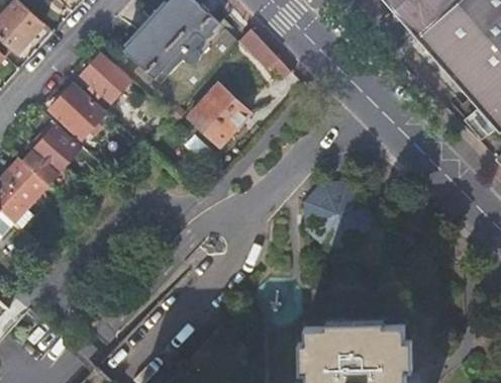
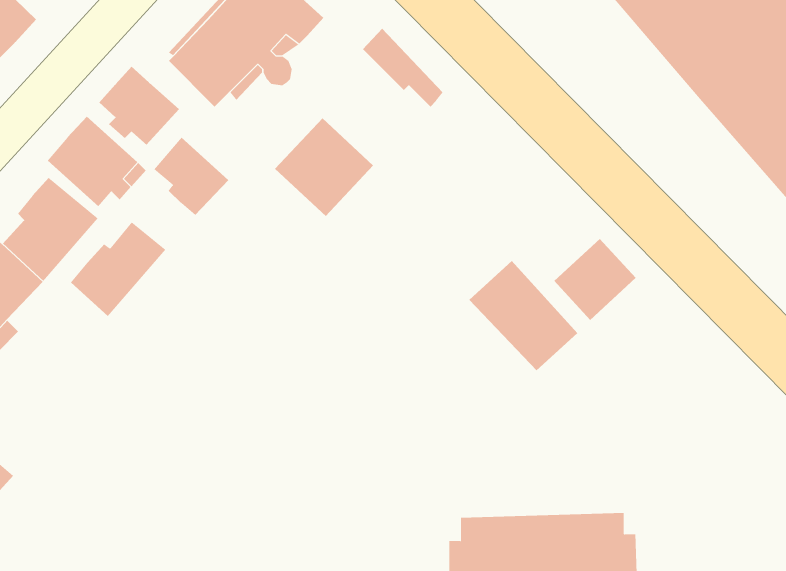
building: none -> [154,137,229,216]
building: none -> [70,222,166,317]
building: none -> [554,238,637,321]

